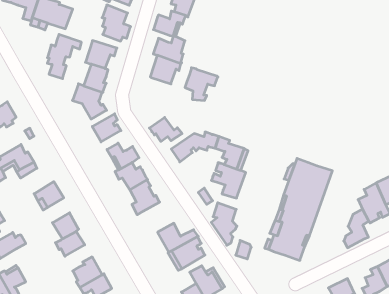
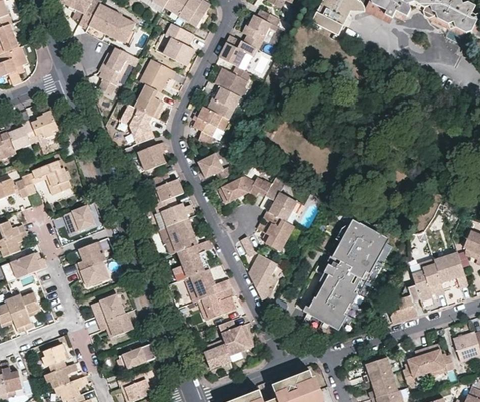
building: [185,68,218,100] -> [192,106,229,143]
building: none -> [178,239,212,277]

